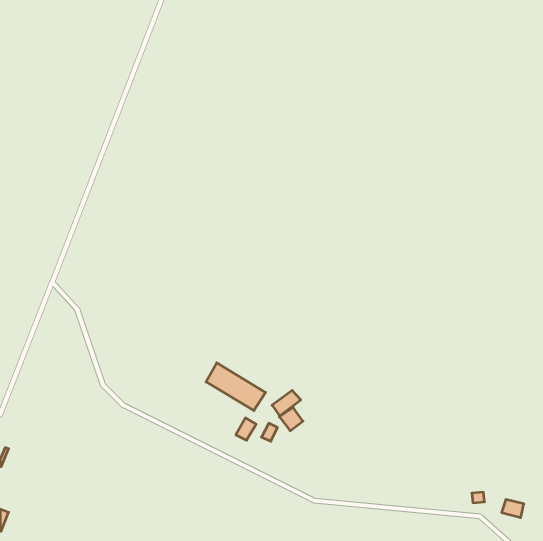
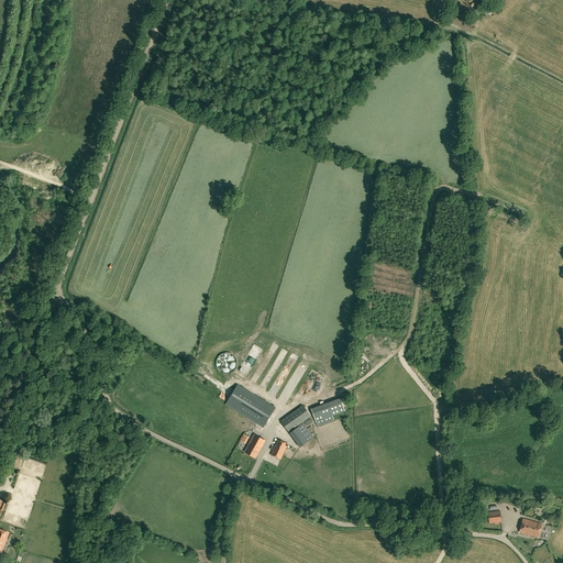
building: none -> [311,397,344,426]

